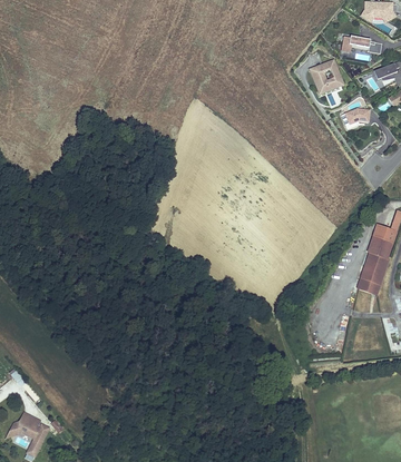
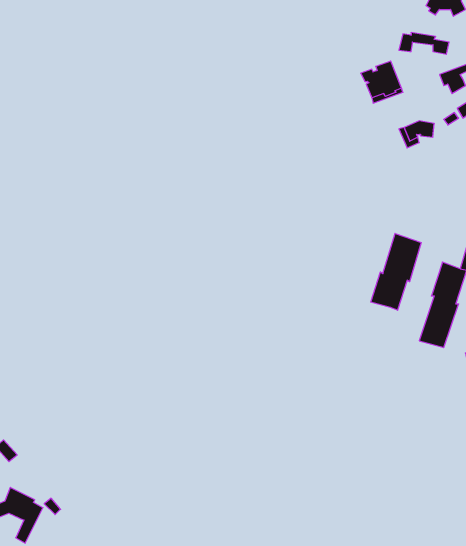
building: none -> [371,233,421,310]

